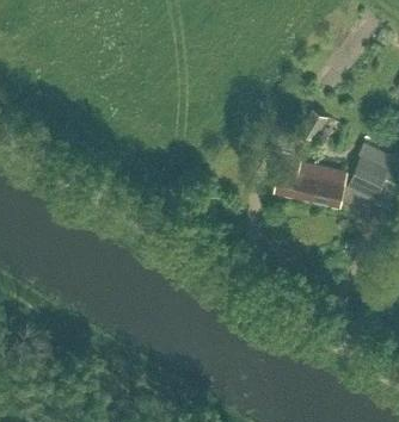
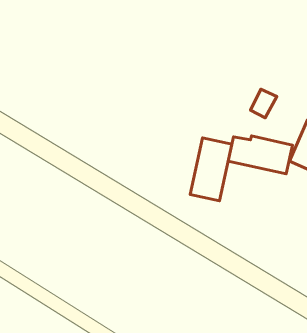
building: none -> [190,138,232,201]

